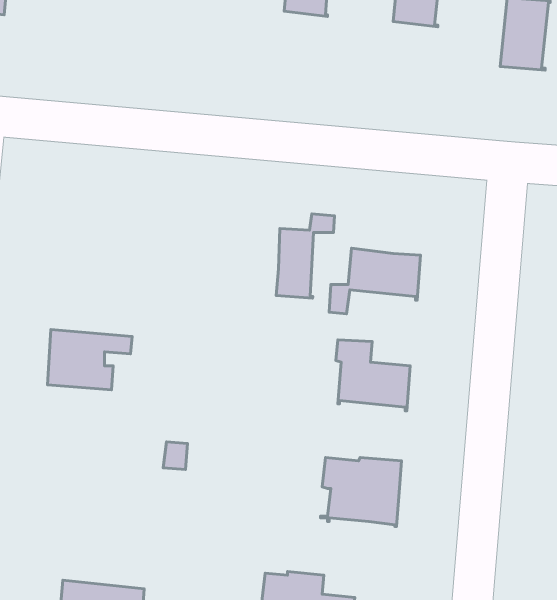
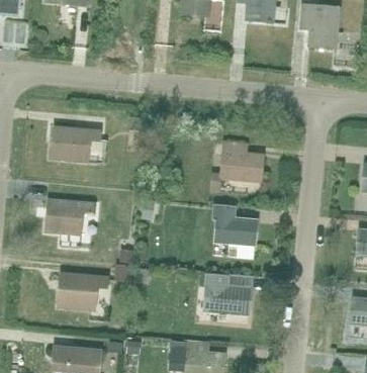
building: none -> [51,126,101,162]
building: [276,214,334,298] -> none
building: none -> [58,274,107,309]

